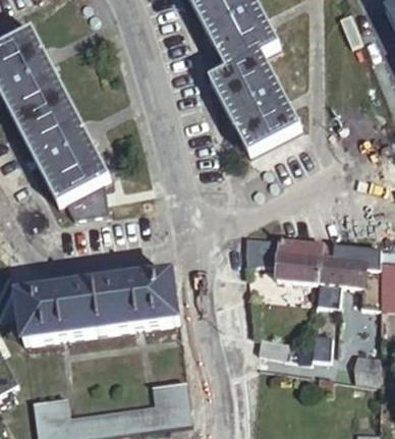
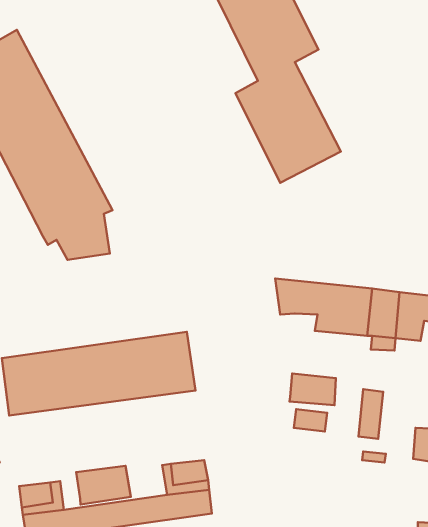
building: none -> [289,373,336,405]
building: none -> [76,466,131,505]

